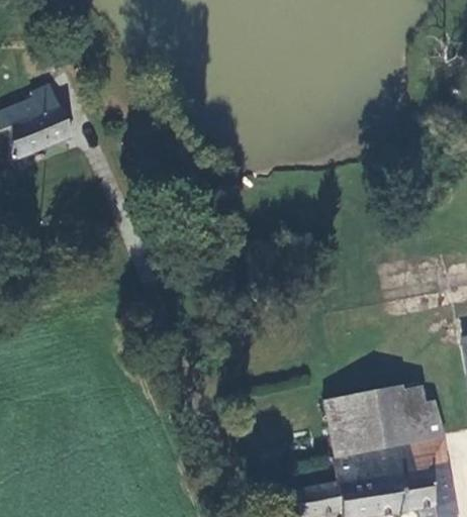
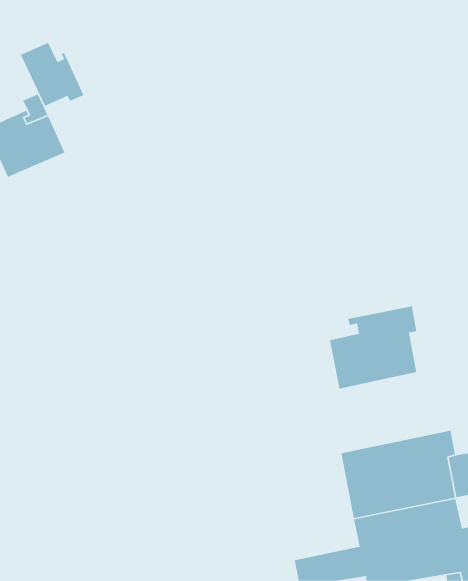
building: none -> [20,42,84,107]
building: none -> [329,306,417,390]

